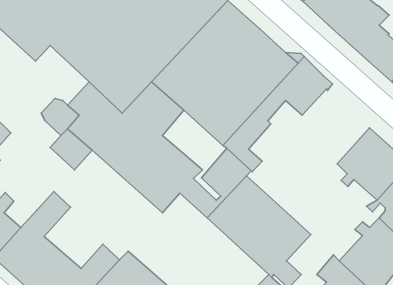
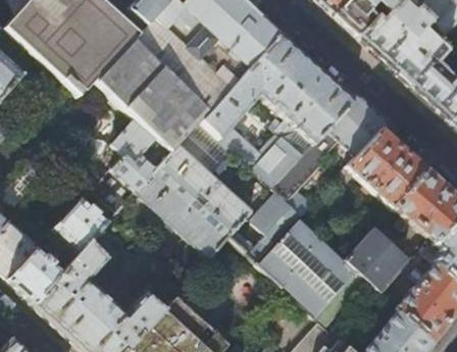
building: none -> [348,128,428,207]
building: none -> [54,197,110,254]
building: none -> [346,228,408,290]

